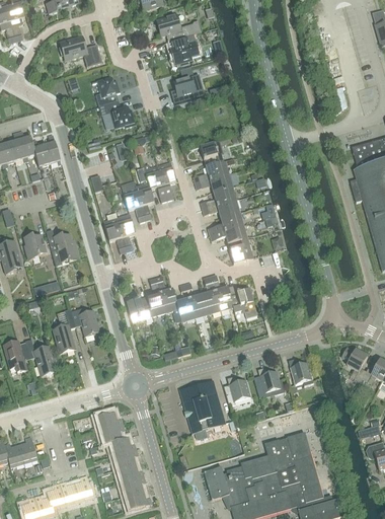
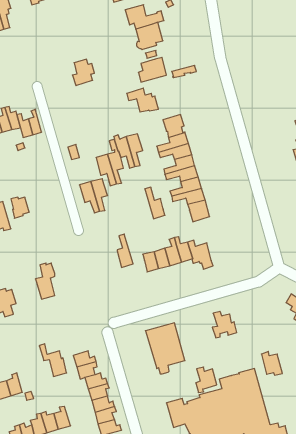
building: [59,34,101,65] -> none
building: [98,99,135,127] -> [127,88,158,112]
building: [45,228,78,265] -> none
building: [154,275,177,311] -> [145,187,165,219]
building: [126,295,151,320] -> none
building: [70,307,99,336] -> none
building: [24,338,56,375] -> [39,344,67,376]
building: [288,357,312,384] -> [261,351,282,375]
building: [225,375,249,404] -> [196,367,217,393]

